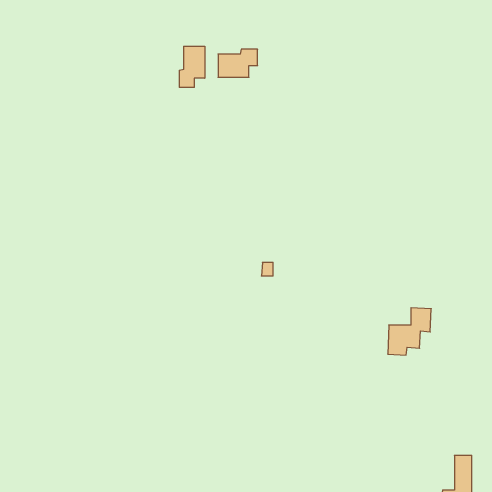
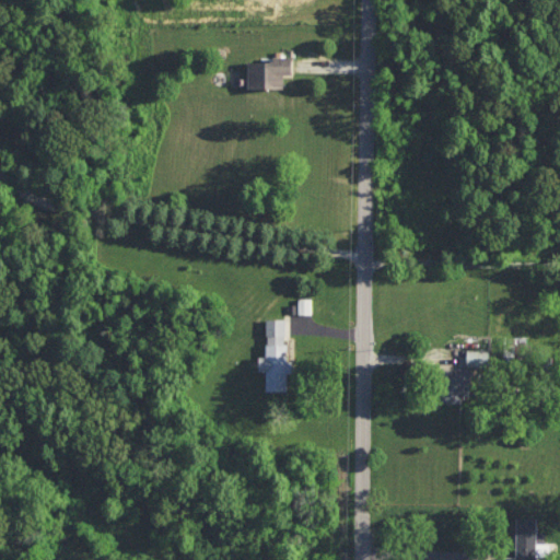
building: [179,46,205,87] -> none
building: none -> [258,319,291,392]

